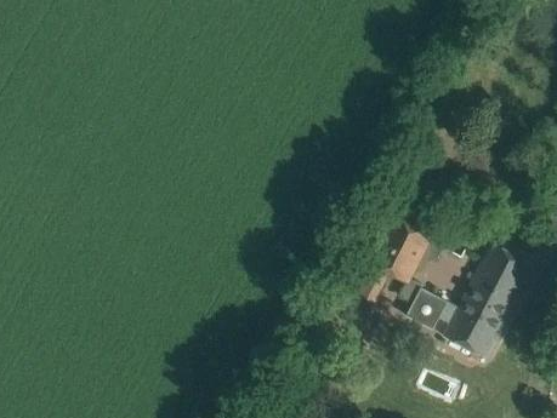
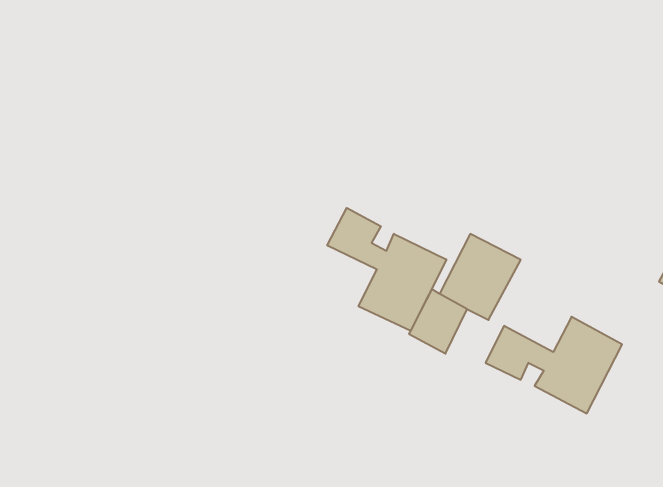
building: none -> [327,208,446,331]
building: [473,245,533,304] -> none

